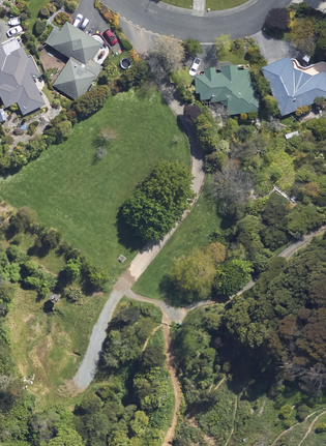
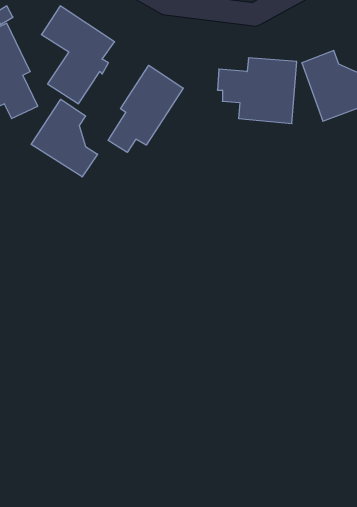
building: none -> [108,65,183,152]
building: none -> [31,99,98,177]

